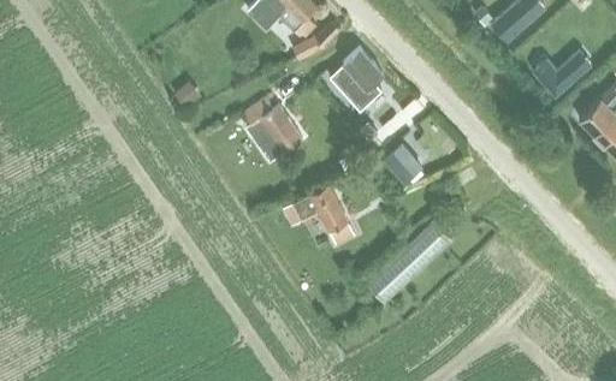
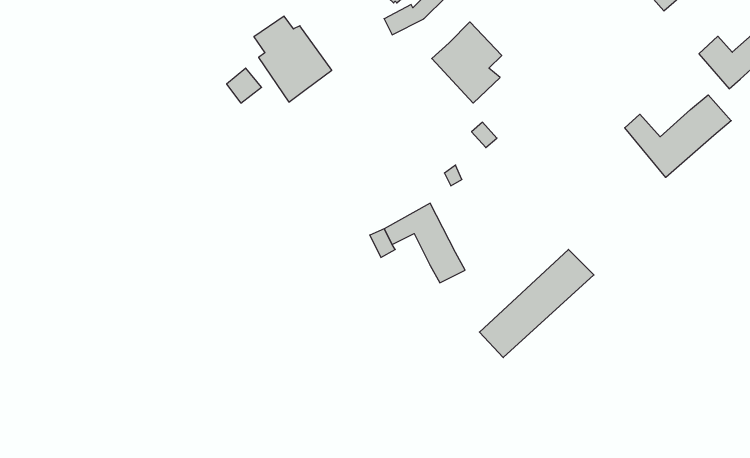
building: [243,99,302,163] -> [254,16,332,102]
building: none -> [625,95,731,177]
building: [385,144,422,183] -> none

